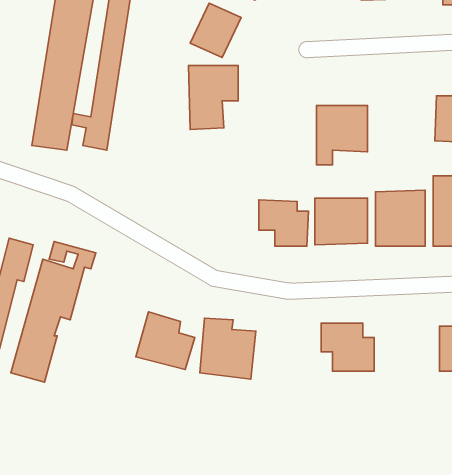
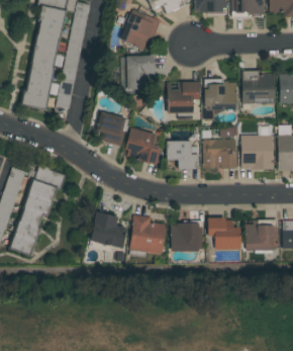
building: none -> [241,71,275,104]
building: none -> [167,82,200,113]
building: none -> [95,114,127,145]
building: none -> [124,127,161,165]
building: none -> [245,221,278,251]
building: none -> [171,223,200,252]

